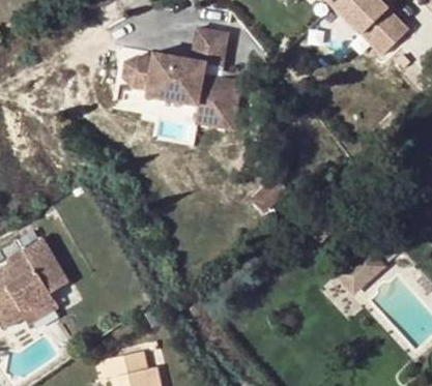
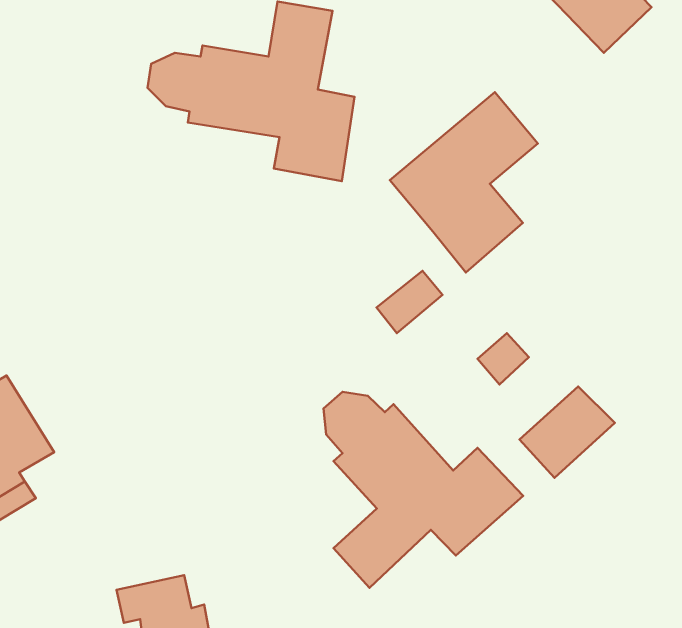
building: none -> [390,92,538,272]
building: none -> [324,392,523,588]

